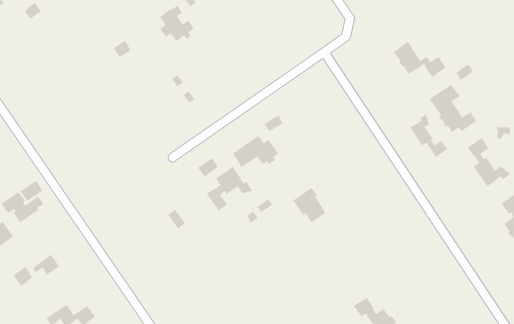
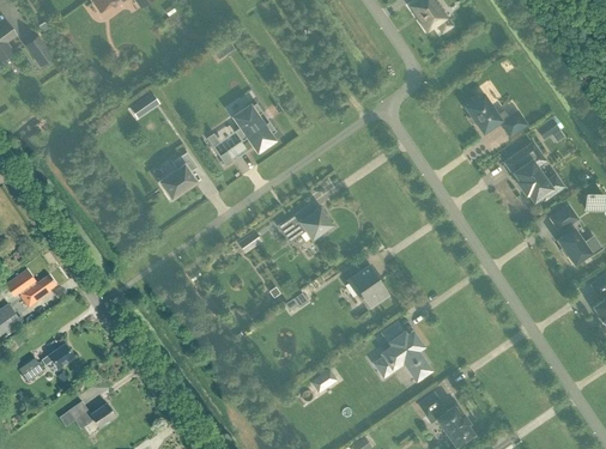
building: [159,5,194,41] -> [234,103,274,146]
building: none -> [159,152,196,199]
building: [410,114,448,158] -> none
building: [206,166,253,212] -> none
building: none -> [369,321,430,382]

